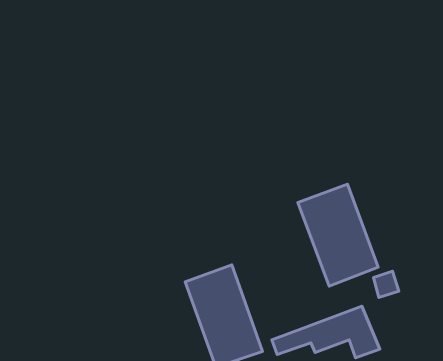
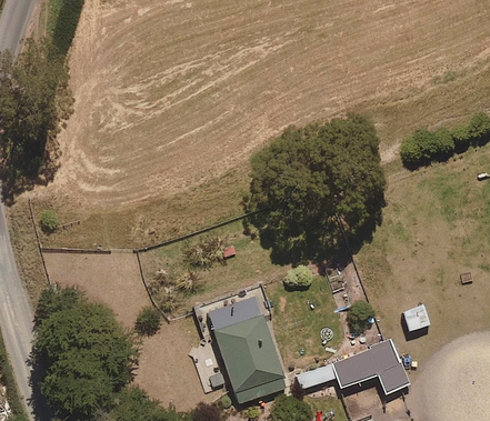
building: [298,184,378,286] -> none

